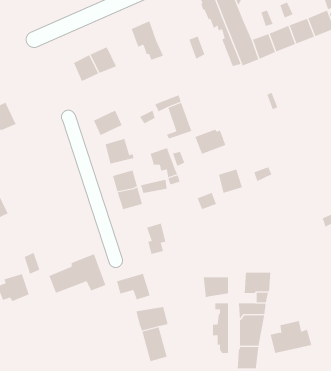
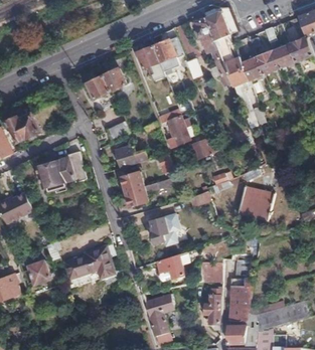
building: none -> [153,36,183,62]
building: none -> [36,152,86,188]
building: none -> [238,188,273,221]
building: [116,273,150,300] -> [156,255,185,279]

